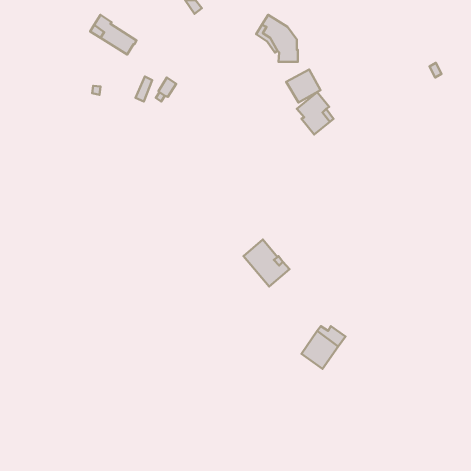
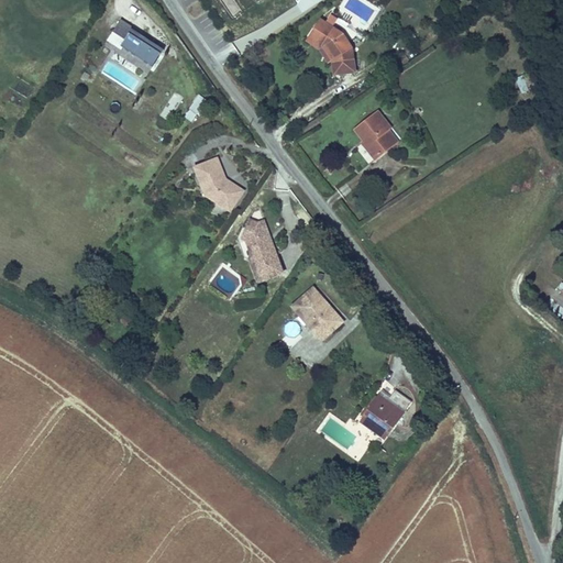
building: [286,69,320,103] -> none
building: none -> [192,156,246,212]
building: none -> [241,220,282,278]

